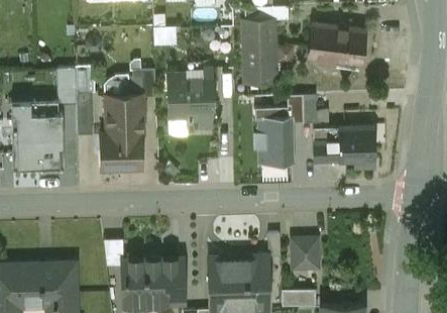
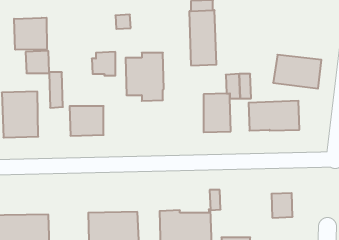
building: [308,24,365,65] -> [273,55,321,89]
building: none -> [14,18,47,50]
building: [106,95,143,133] -> none
building: [293,239,318,269] -> [271,193,293,218]

